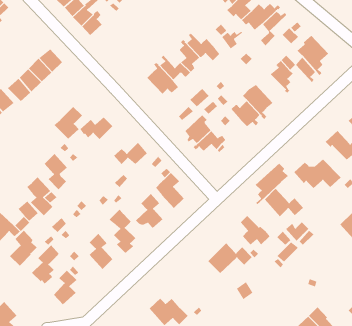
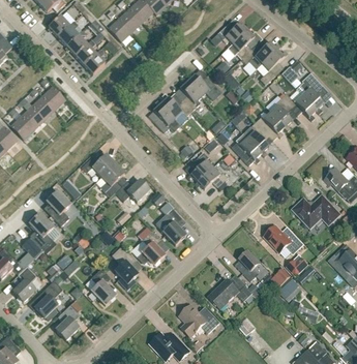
building: none -> [256,111,285,140]
building: [53,106,83,140] -> [95,162,124,195]
building: [255,163,289,205] -> none
building: none -> [179,303,219,336]

